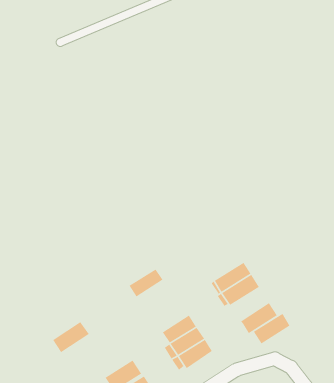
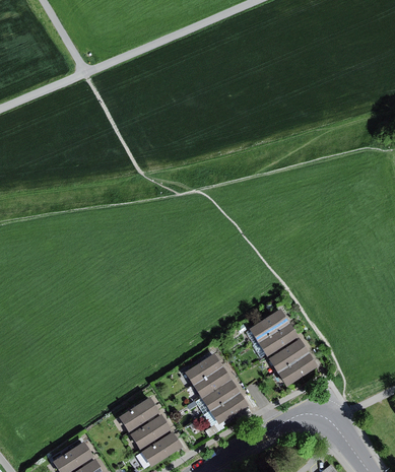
building: [129,268,163,298] -> [186,353,223,385]
building: [253,313,290,345] -> [269,338,310,373]
building: [52,321,90,353] -> [121,397,161,431]

